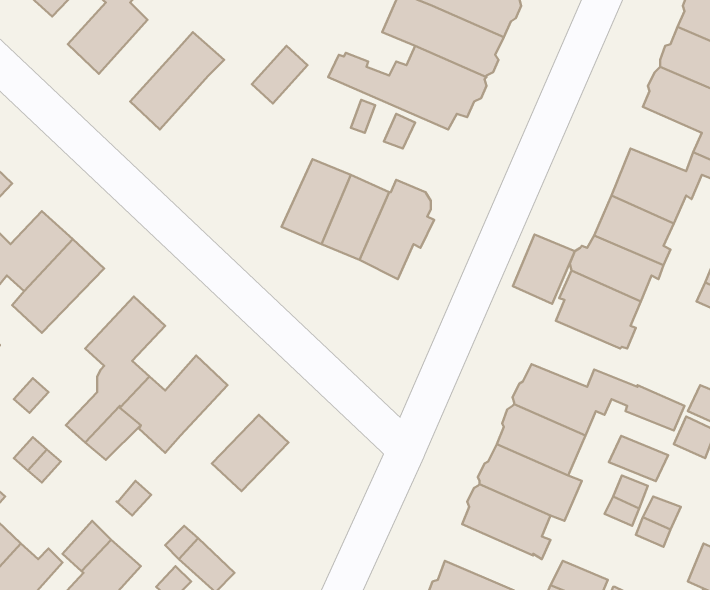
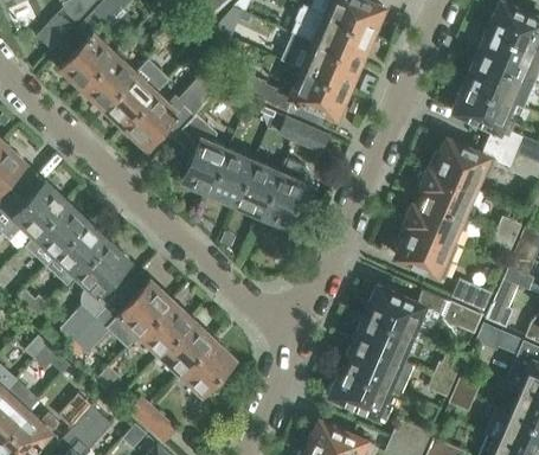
building: none -> [83,51,137,107]
building: none -> [124,89,185,146]
building: none -> [172,113,229,192]
building: none -> [290,121,329,153]
building: [513,234,575,304] -> none
building: none -> [44,220,107,284]
building: none -> [139,300,192,353]
building: [609,436,668,481] -> [451,278,492,309]
building: none -> [180,339,233,393]

